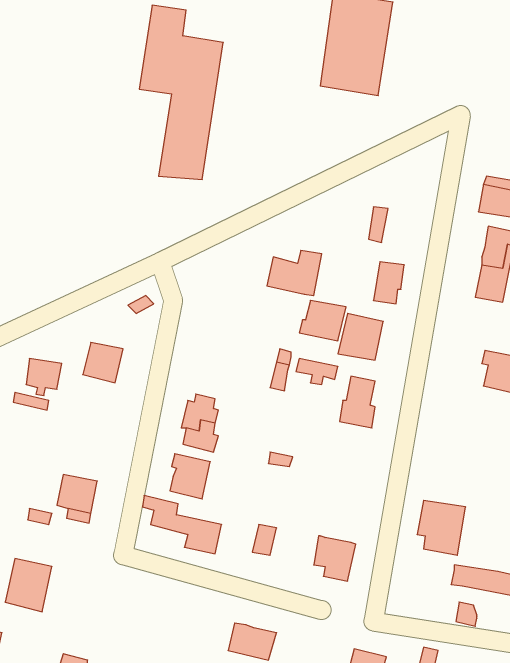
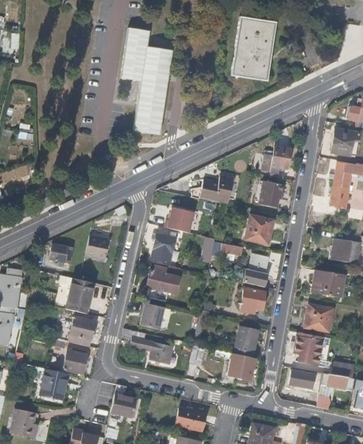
building: none -> [271,146,292,174]
building: [299,300,346,341] -> [165,208,194,233]
building: none -> [151,233,175,261]
building: none -> [310,270,343,297]
building: none -> [65,277,93,312]
building: none -> [241,288,265,311]
building: none -> [305,304,334,330]
building: none -> [233,326,258,357]
building: none -> [64,349,87,373]
building: none -> [289,370,321,390]
building: none -> [110,383,139,418]

